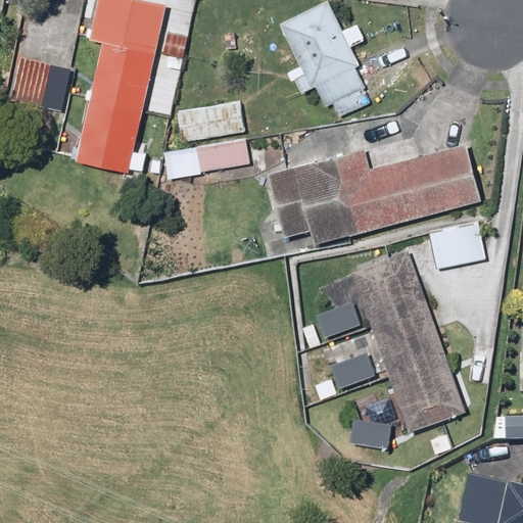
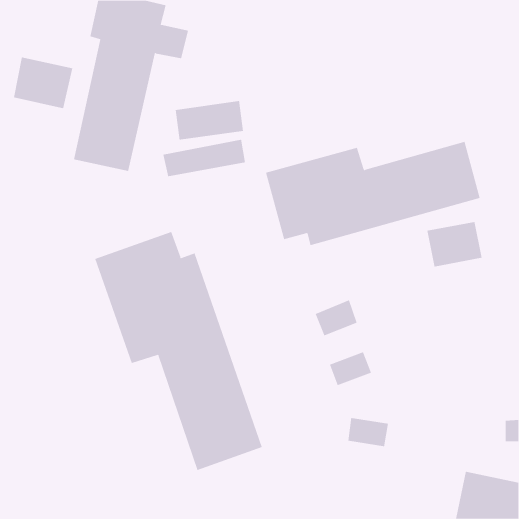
building: [282,4,370,115] -> none
building: none -> [95,231,262,471]
building: [351,251,466,433] -> none

